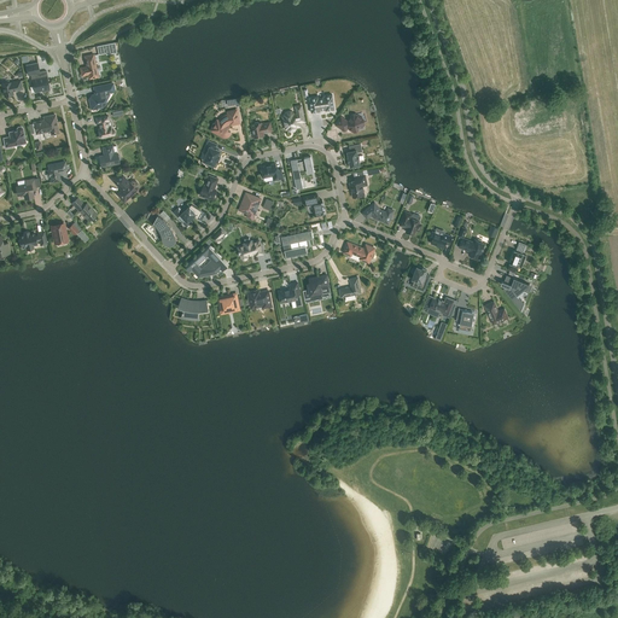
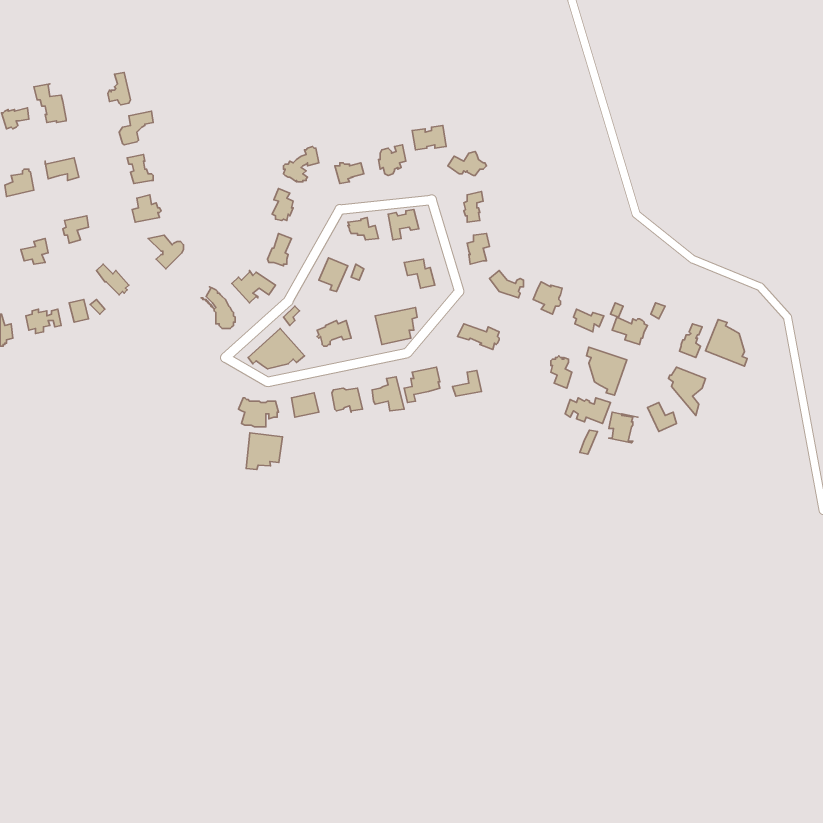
building: none -> [706,320,747,366]
building: none -> [586,347,627,395]
building: none -> [246,433,282,469]

